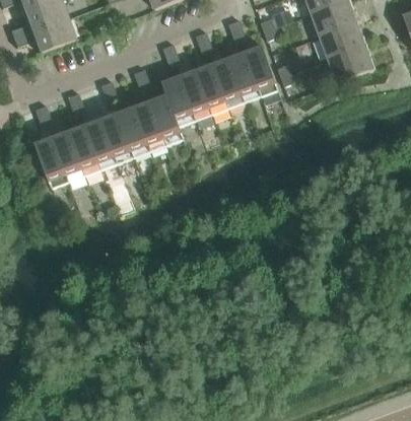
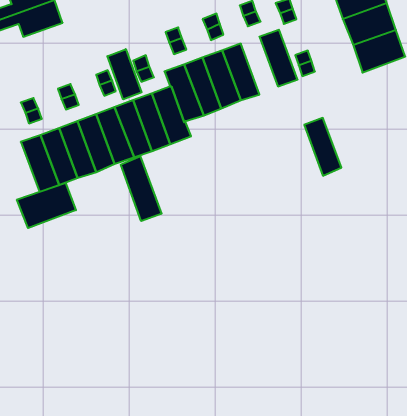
building: [228,50,261,100] -> [304,118,341,176]
building: none -> [107,49,142,99]
building: none -> [121,156,162,221]
building: none -> [17,183,76,228]

